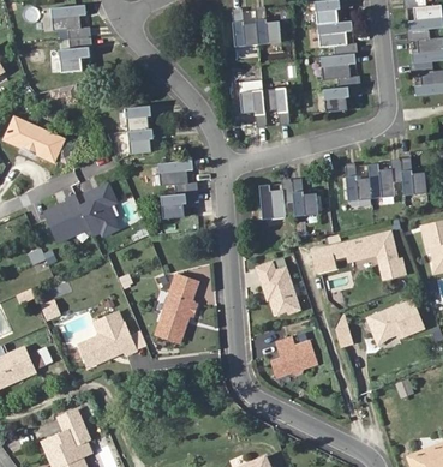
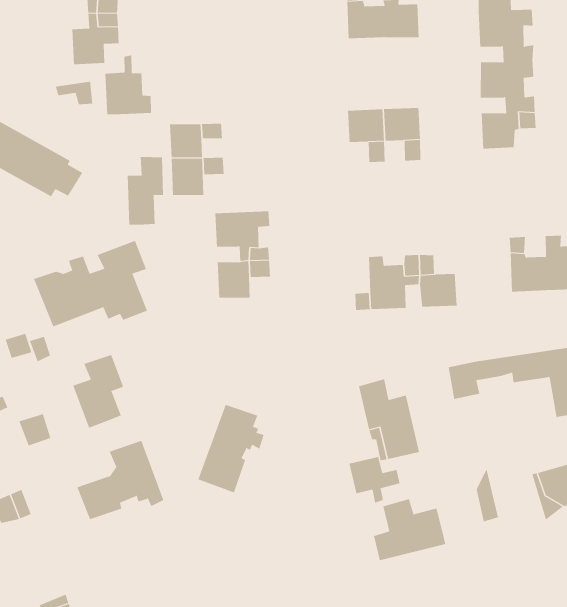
building: none -> [105,55,152,115]
building: none -> [127,156,164,226]
building: none -> [72,354,124,428]
building: none -> [349,456,400,503]

